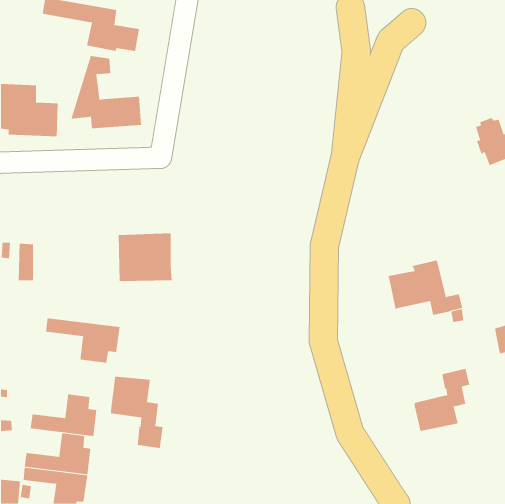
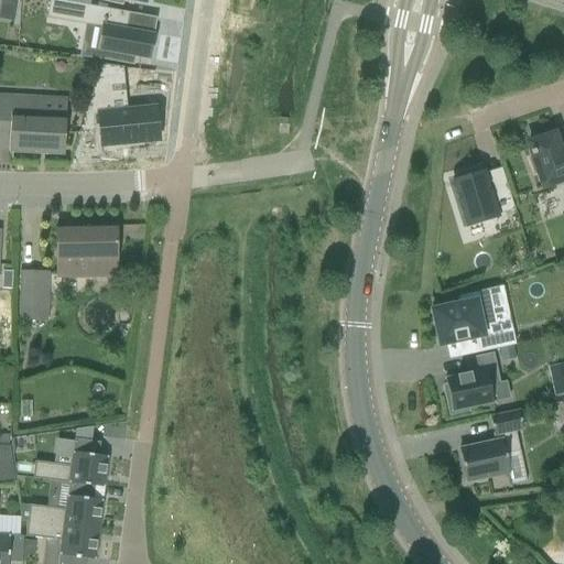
building: none -> [455,169,517,225]
building: [118,233,172,281] -> [58,223,119,276]
building: none -> [447,351,500,412]
building: [46,317,120,363] -> none
building: [111,376,163,449] -> none

